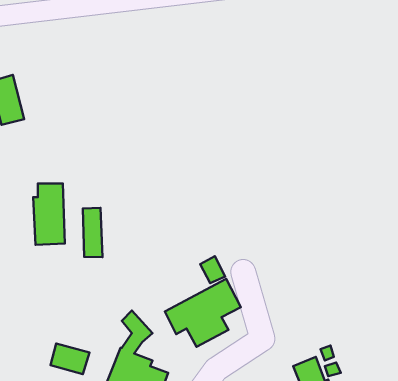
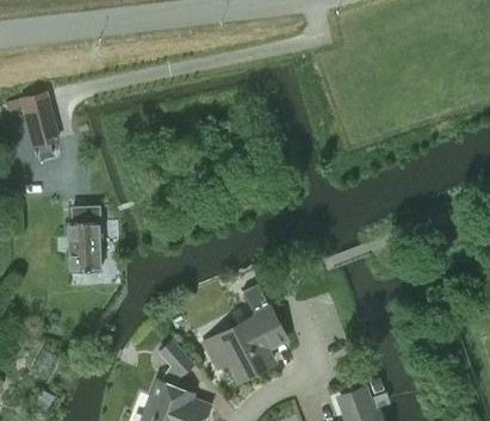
building: [83,208,103,257] -> none
building: [51,344,89,374] -> none

